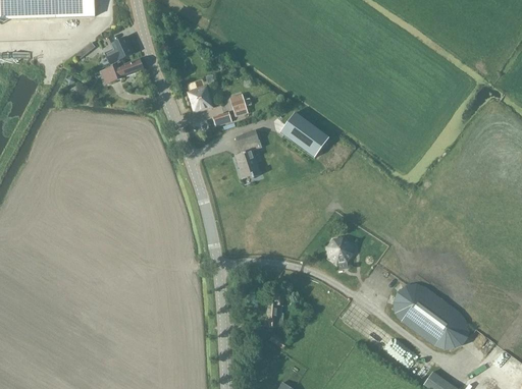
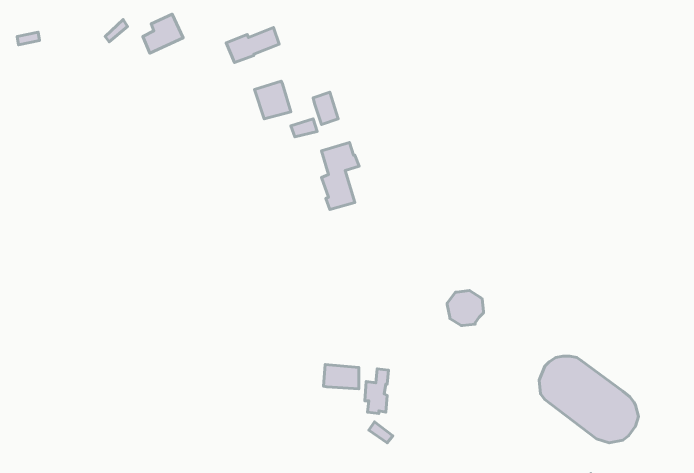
building: [105,57,144,82] -> [226,28,279,62]
building: [280,112,329,157] -> none
building: none -> [324,365,359,389]

